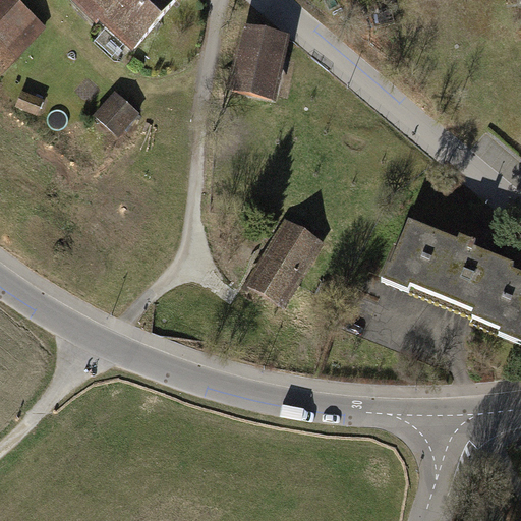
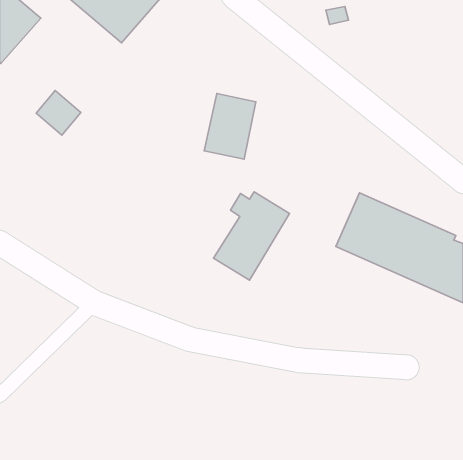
building: [234,25,292,99] -> [204,94,256,159]
building: [94,88,143,137] -> [36,91,81,135]

